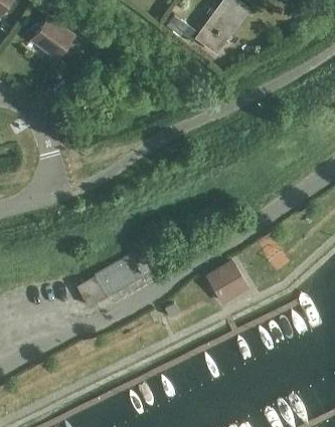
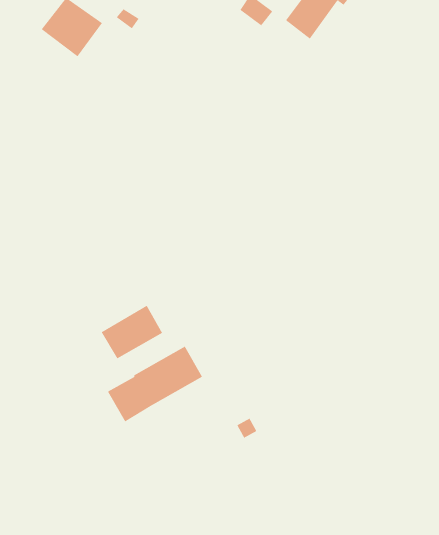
building: none -> [101,305,163,359]
building: [207,262,247,303] -> none

